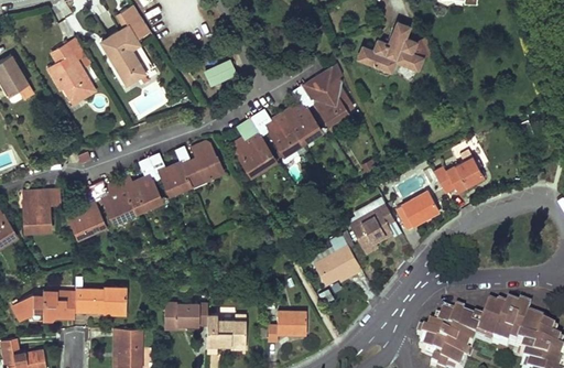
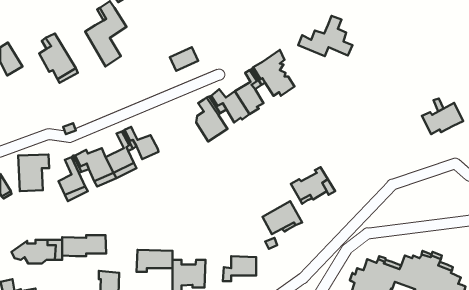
building: [174,142,221,182] -> none
building: [434,155,484,193] -> [422,103,463,134]
building: [397,193,440,229] -> none

